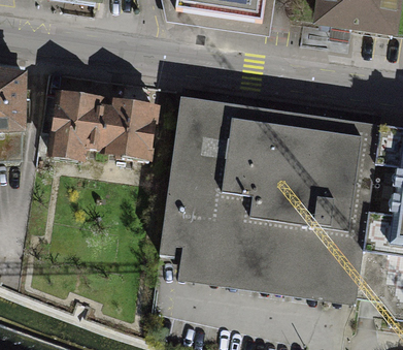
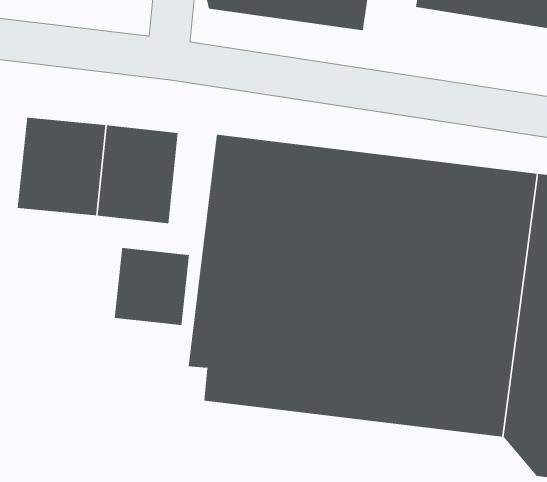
building: none -> [114,247,189,326]

